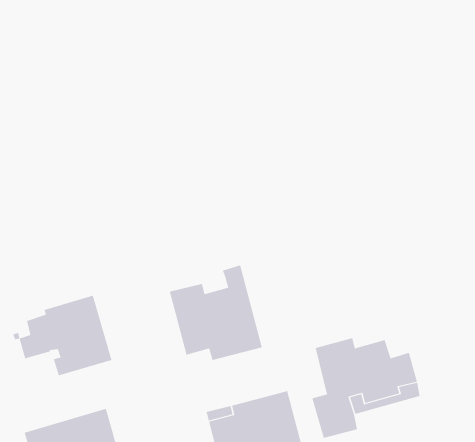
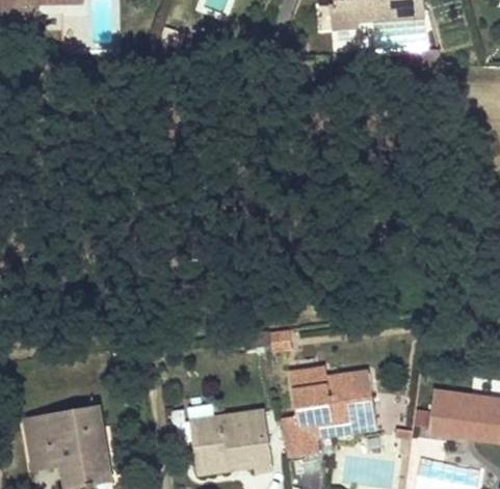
building: [169,265,262,361] -> none
building: [13,295,112,376] -> none

